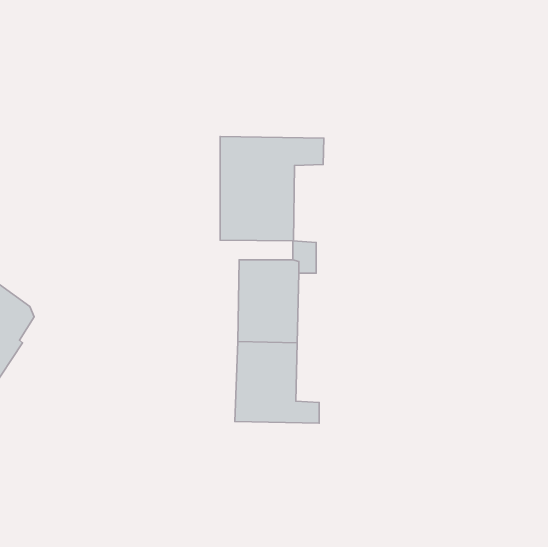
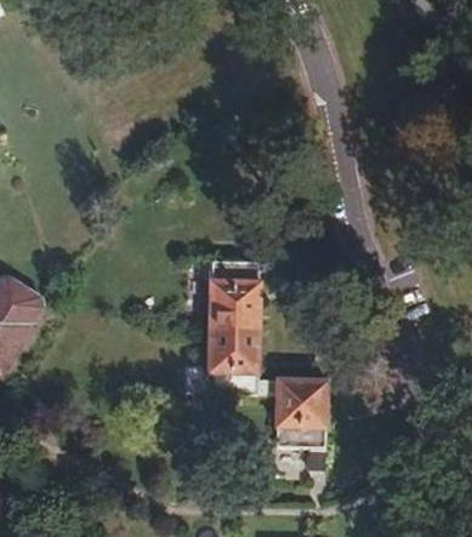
building: [220,136,324,241] -> none
building: none -> [275,377,326,468]

